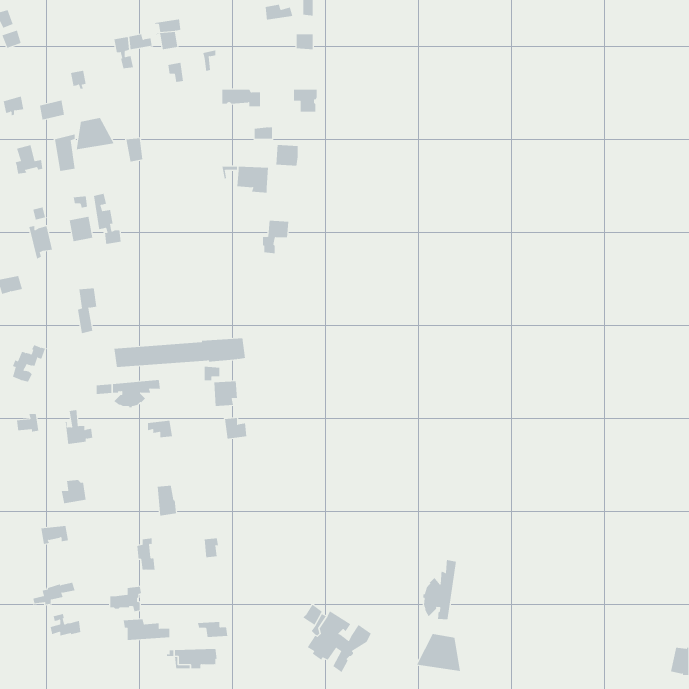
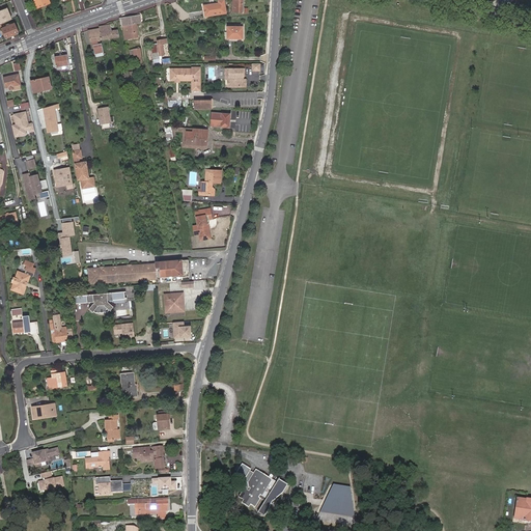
building: [76,117,115,150] -> none
building: none -> [193,208,212,240]
building: [423,559,457,620] -> none
building: none -> [133,446,164,468]

